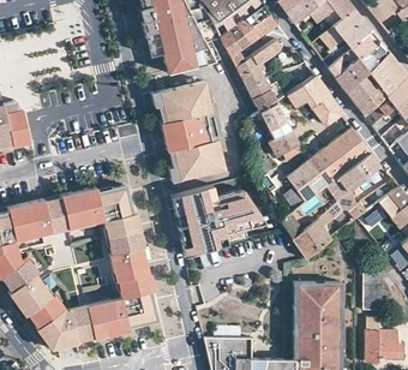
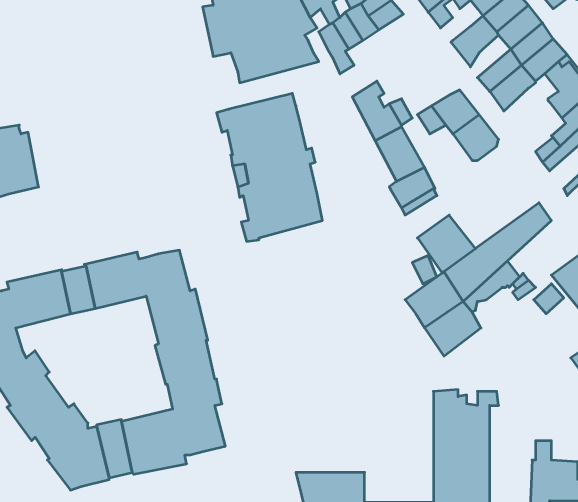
building: [235,40,284,82] -> none
building: [347,76,386,115] -> none
building: [310,129,371,185] -> none
building: [173,185,268,255] -> none
building: [362,273,383,309] -> none

